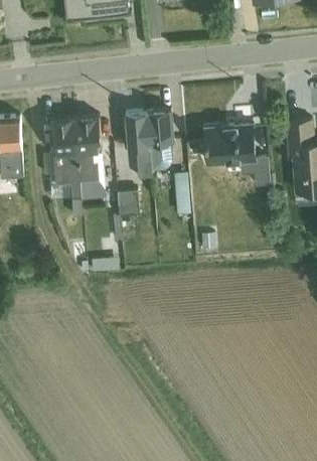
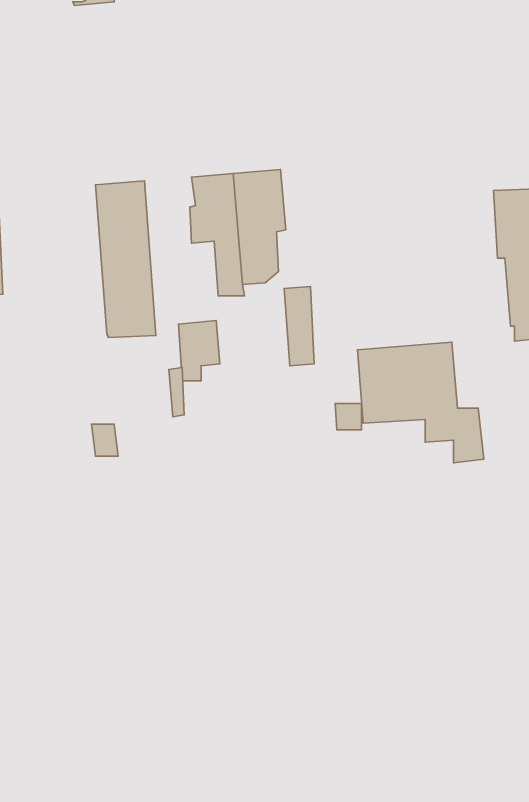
building: [50,117,78,197] -> none
building: [202,121,270,185] -> [357,342,484,463]

